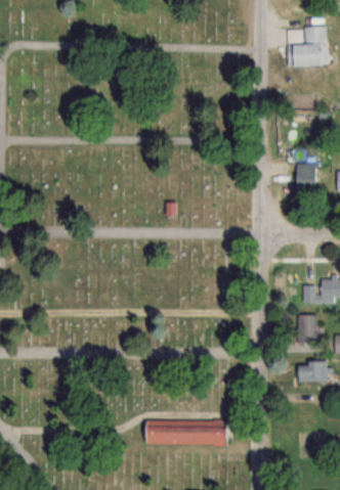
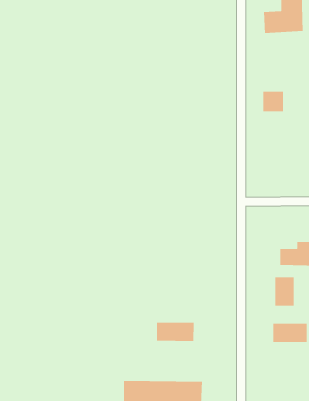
building: [294,164,315,185] -> [263,91,284,112]
building: none -> [156,322,195,342]

